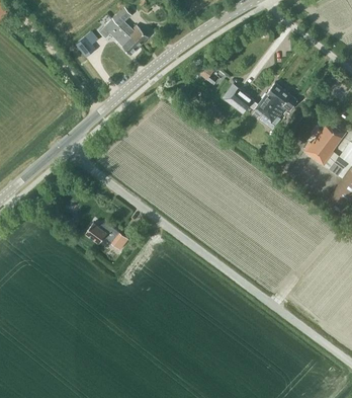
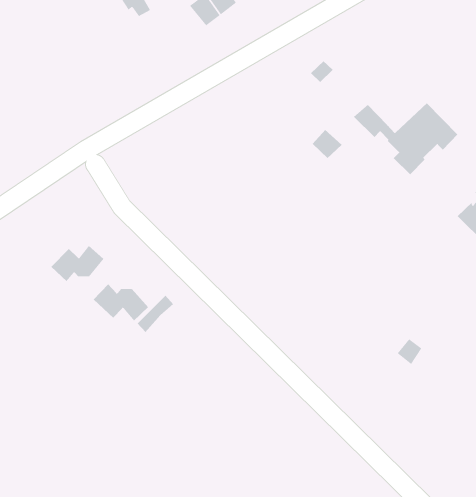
building: none -> [51,245,104,282]

